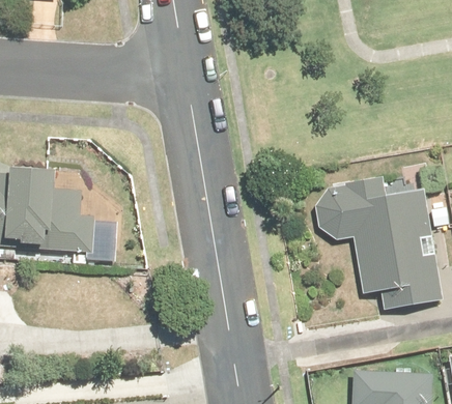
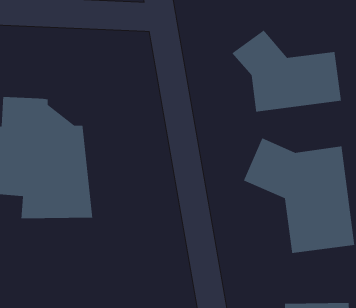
building: none -> [231,30,342,112]

